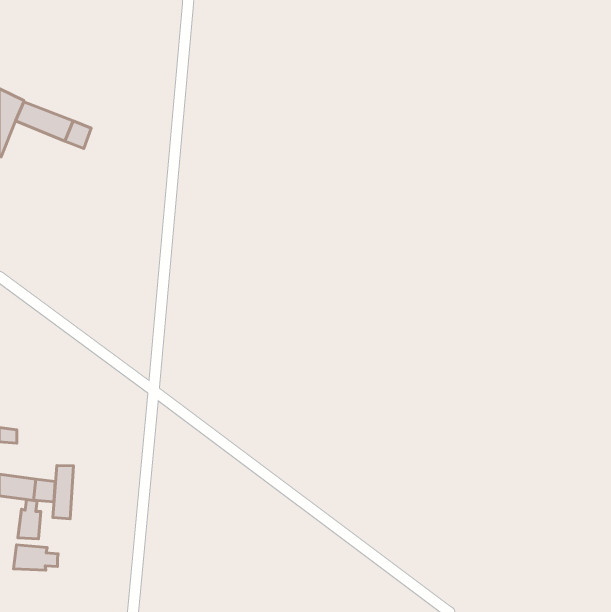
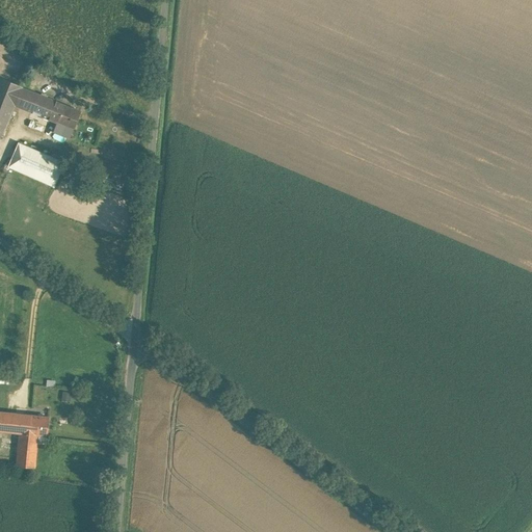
building: none -> [6,142,64,186]
building: [53,465,73,519] -> none
building: [14,545,58,570] -> none

